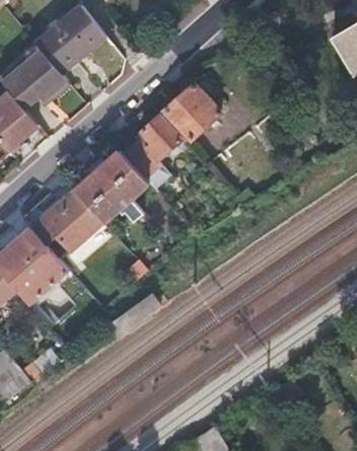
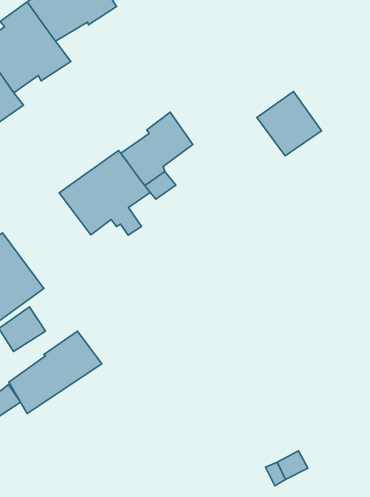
building: [164,86,218,139] -> [257,92,322,156]
building: [40,192,102,253] -> none
building: none -> [9,331,102,413]

